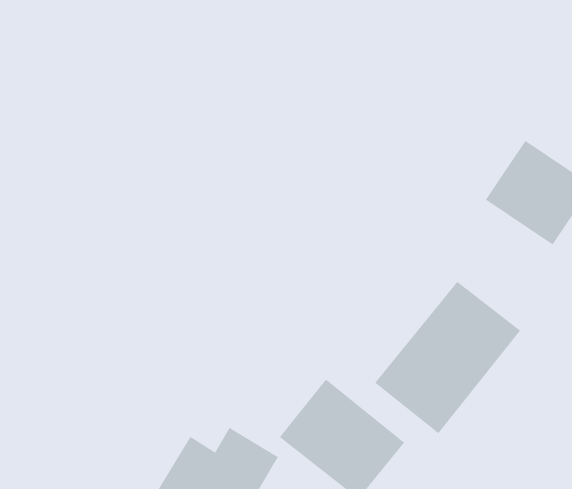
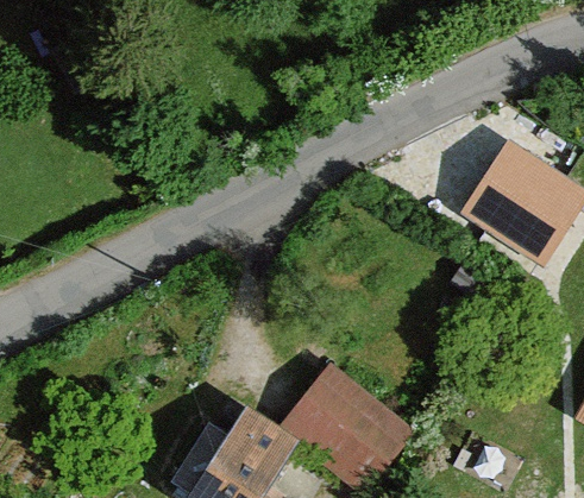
building: [374,281,521,434] -> none

